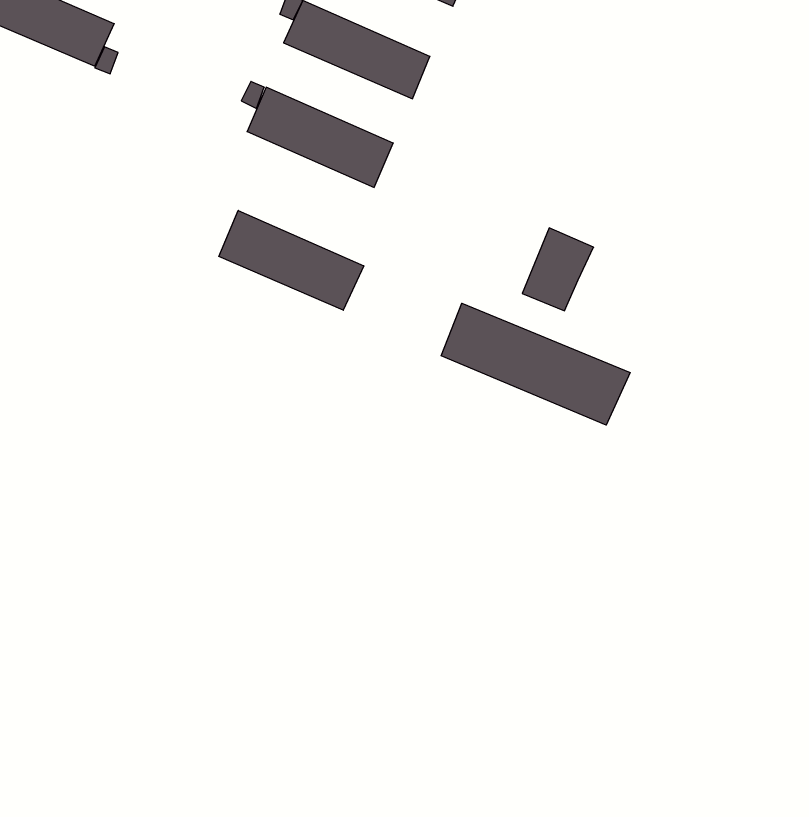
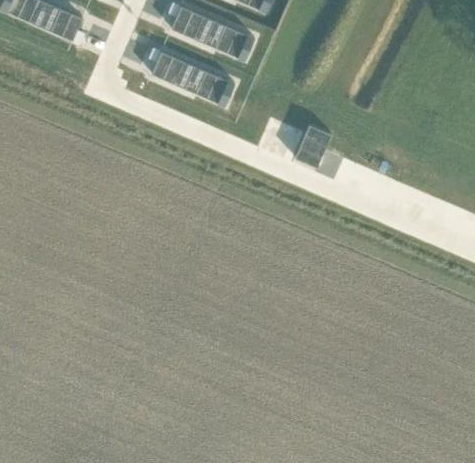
building: [219,210,364,310] -> none
building: [441,303,630,425] -> none

